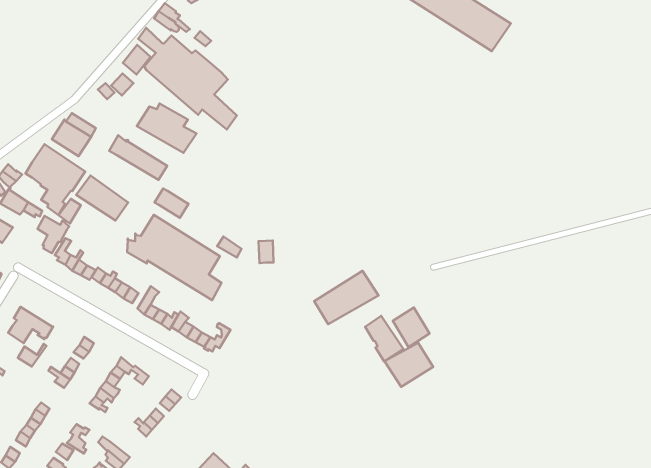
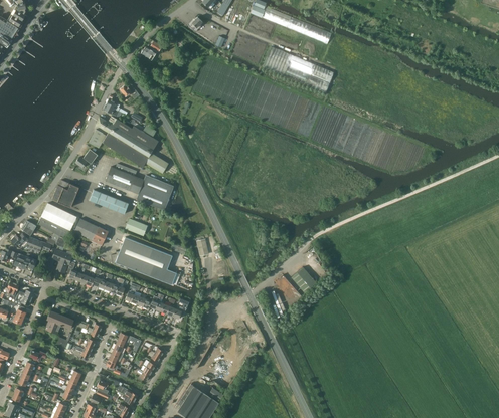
building: none -> [136,175,174,210]
building: [314,271,379,324] -> none
building: [385,343,433,387] -> none

